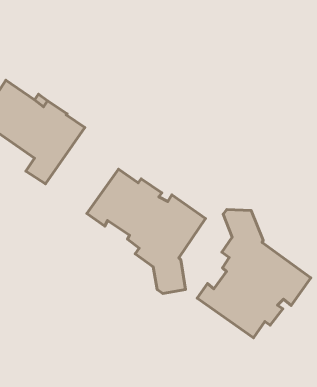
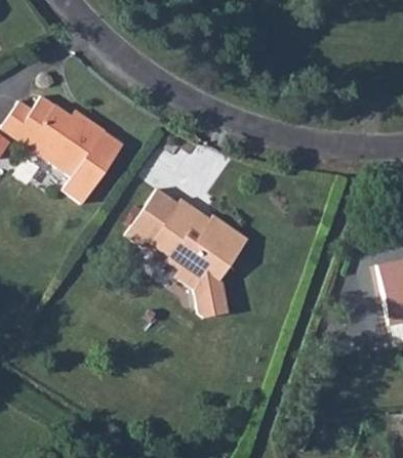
building: [197,210,311,338] -> none

